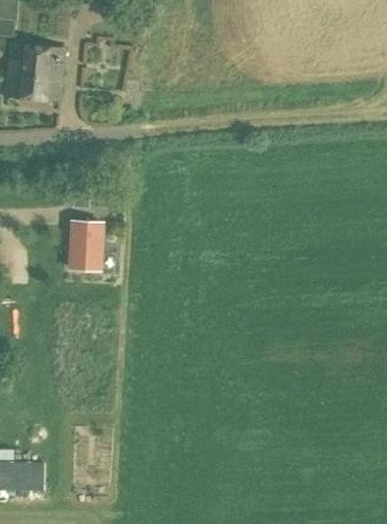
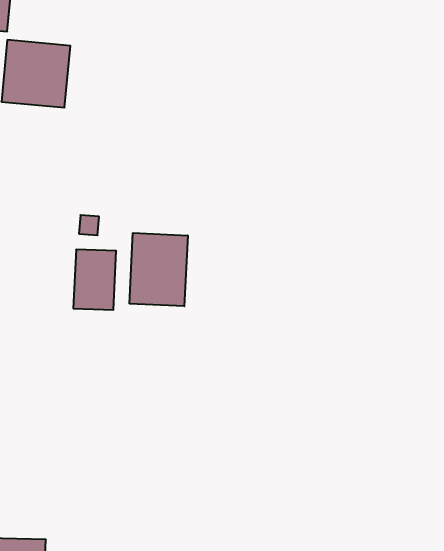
building: none -> [130,233,188,306]

